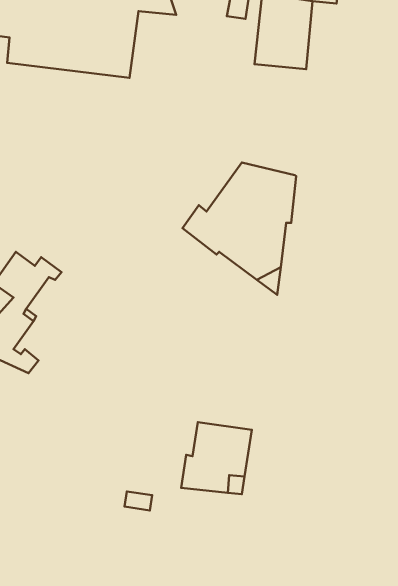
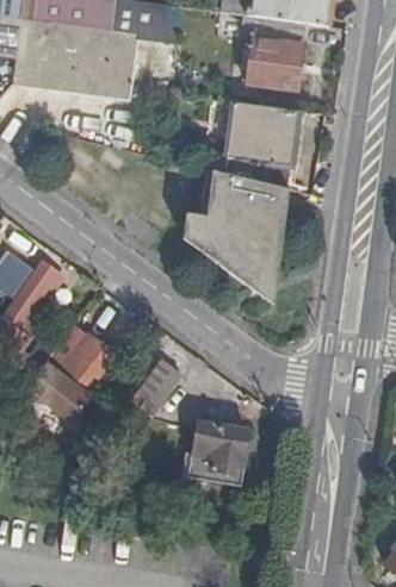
building: none -> [219,101,296,188]
building: none -> [33,335,122,421]
building: none -> [130,361,180,416]

